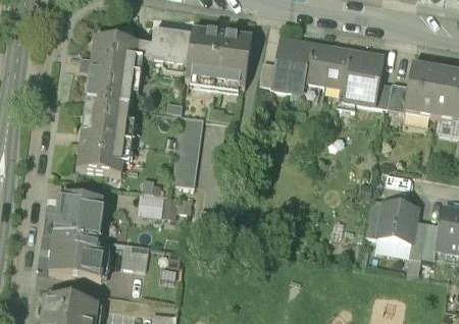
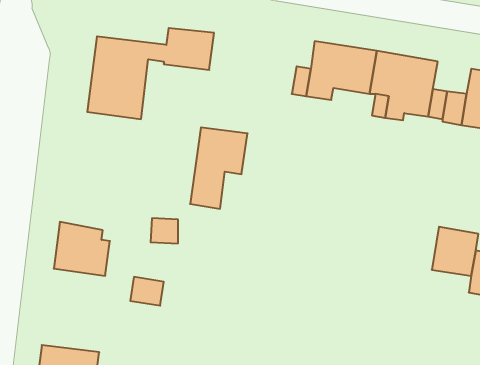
building: [187,28,252,88] -> none
building: [76,100,131,174] -> none
building: [49,233,105,281] -> none

